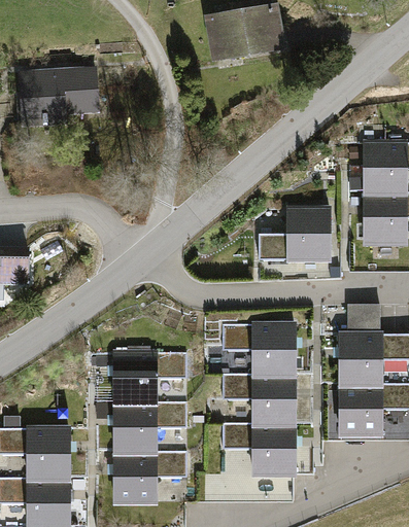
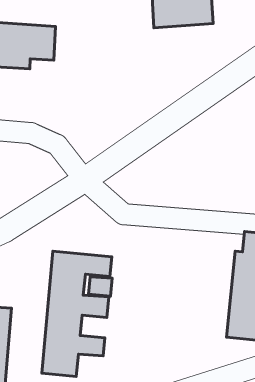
building: [260,206,333,261] -> none
building: [221,321,297,477] -> none

